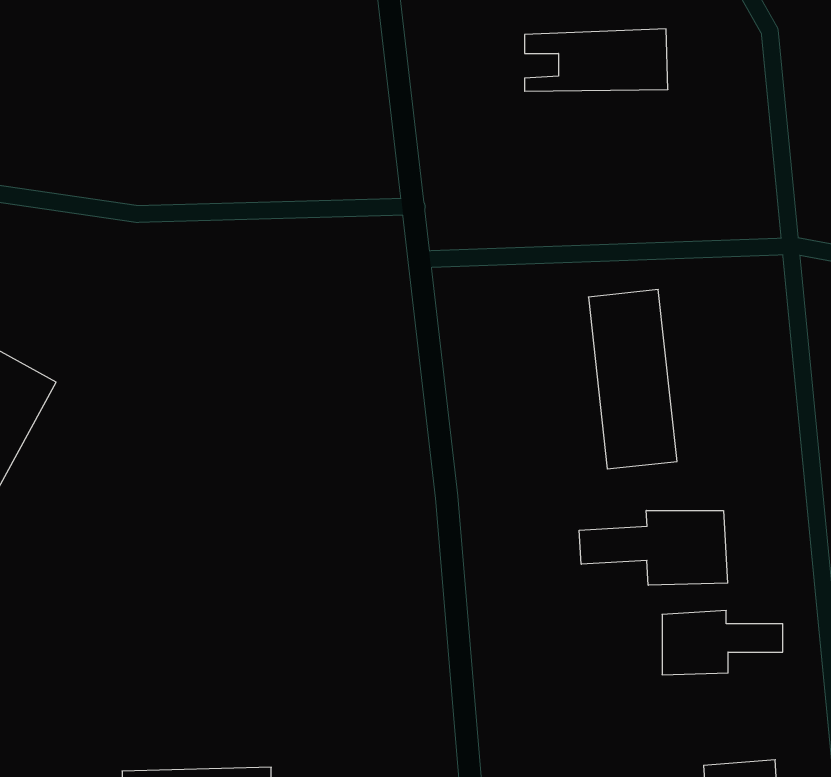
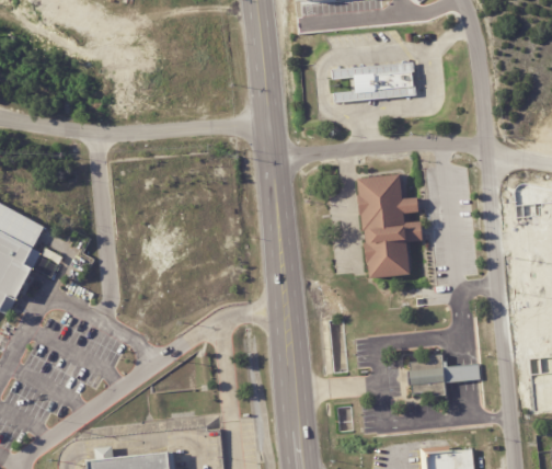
building: [525,29,668,91] -> [329,68,412,104]
building: [579,510,728,585] -> none

